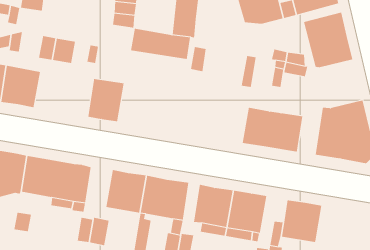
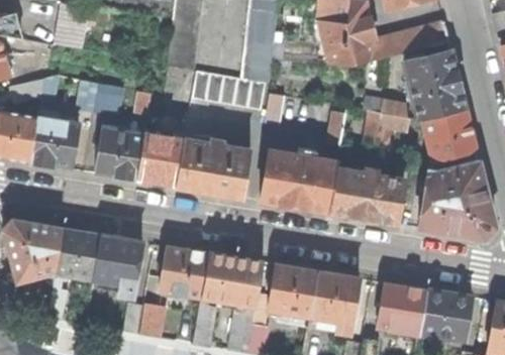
building: none -> [423,110,475,159]
building: none -> [97,129,145,181]
building: none -> [176,139,249,198]
building: none -> [262,151,337,213]
building: none -> [420,289,472,340]

